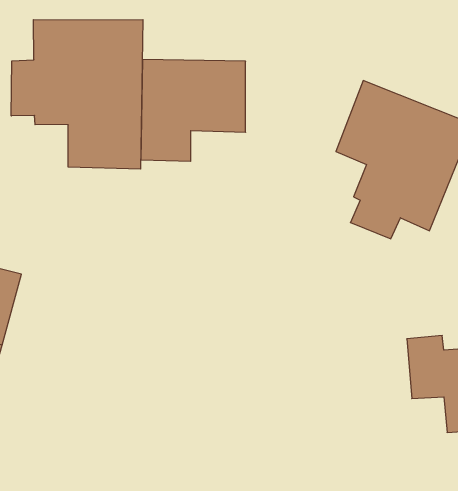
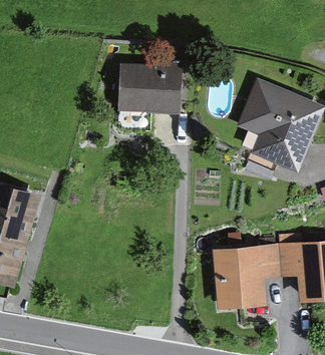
building: [11,20,143,169] -> none
building: none -> [217,240,282,302]

